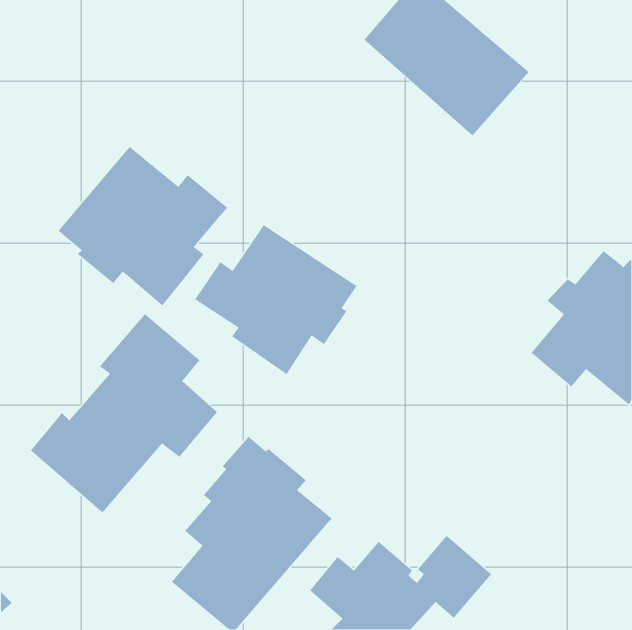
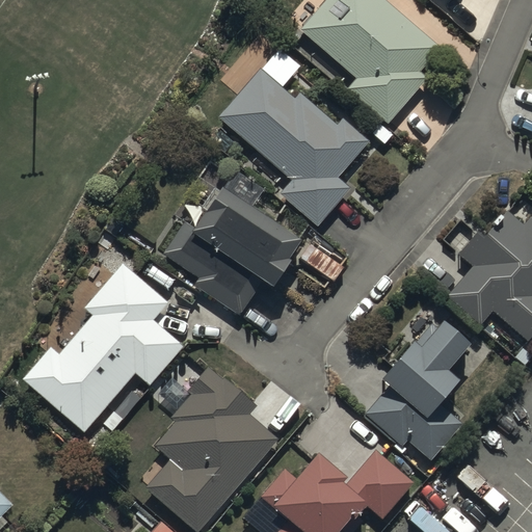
building: none -> [217,65,369,227]
building: [57,146,228,306] -> none
building: none -> [364,322,470,461]

